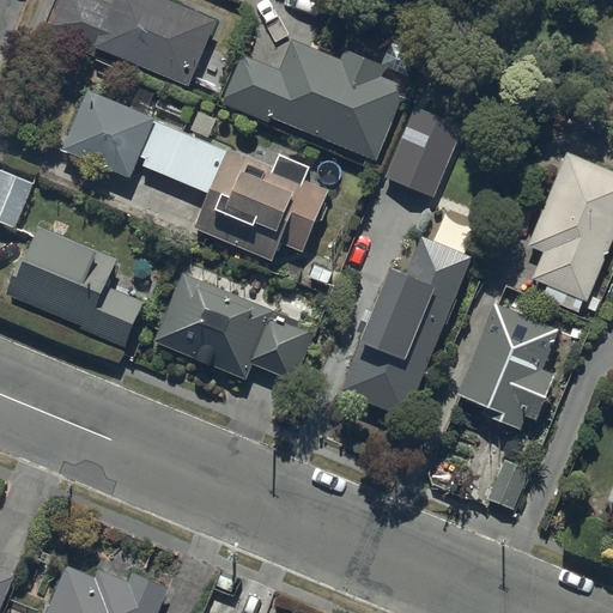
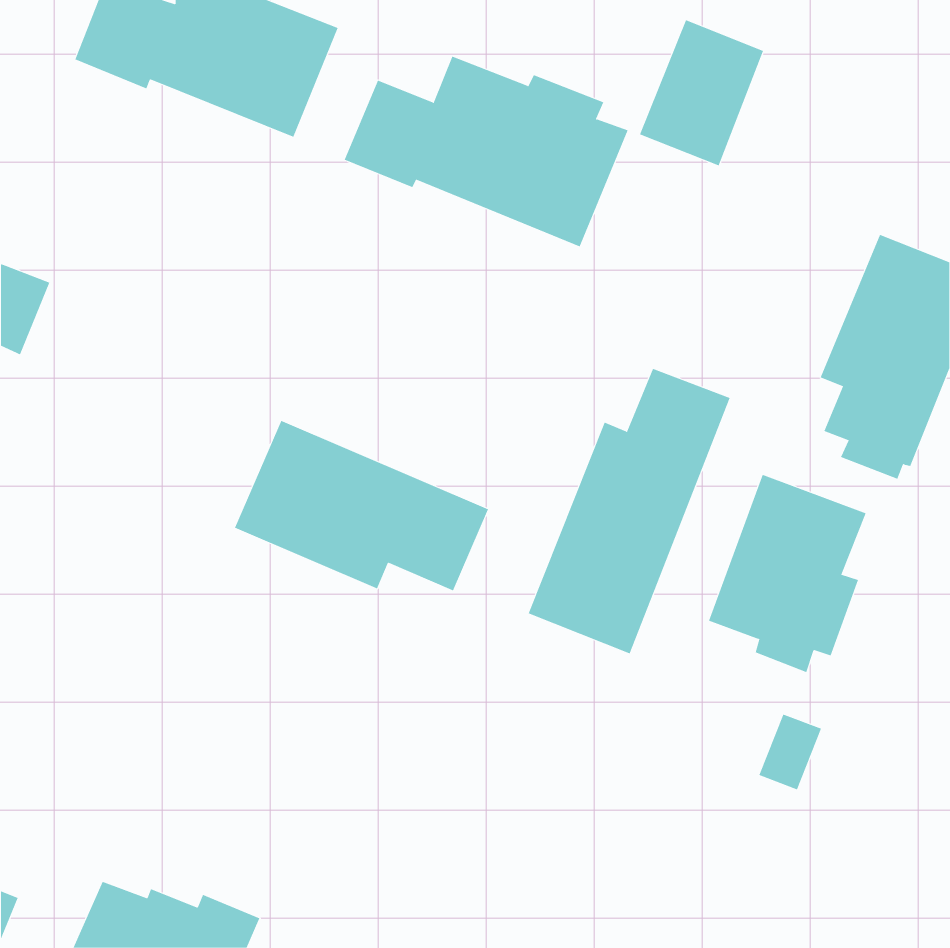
building: [63,90,328,261] -> none
building: [382,105,462,200] -> [639,19,764,166]
building: [7,227,144,350] -> none

